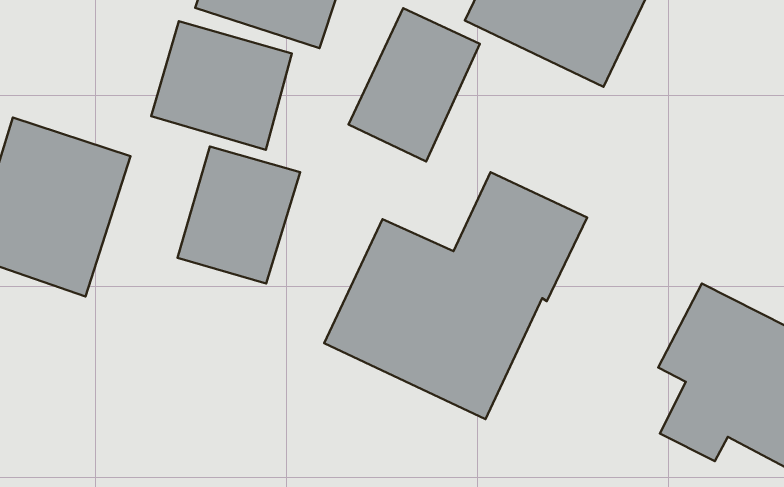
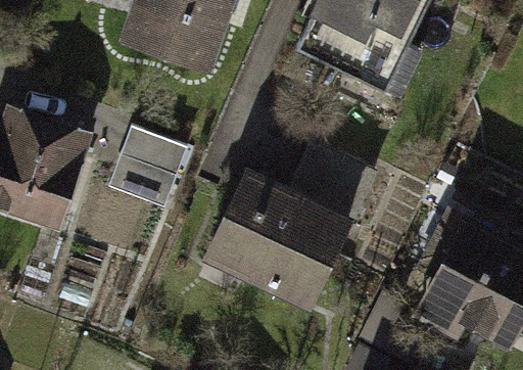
building: [348,8,480,162] -> none
building: [151,21,292,150] -> none

